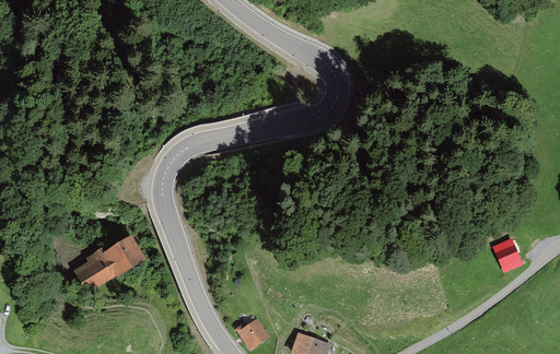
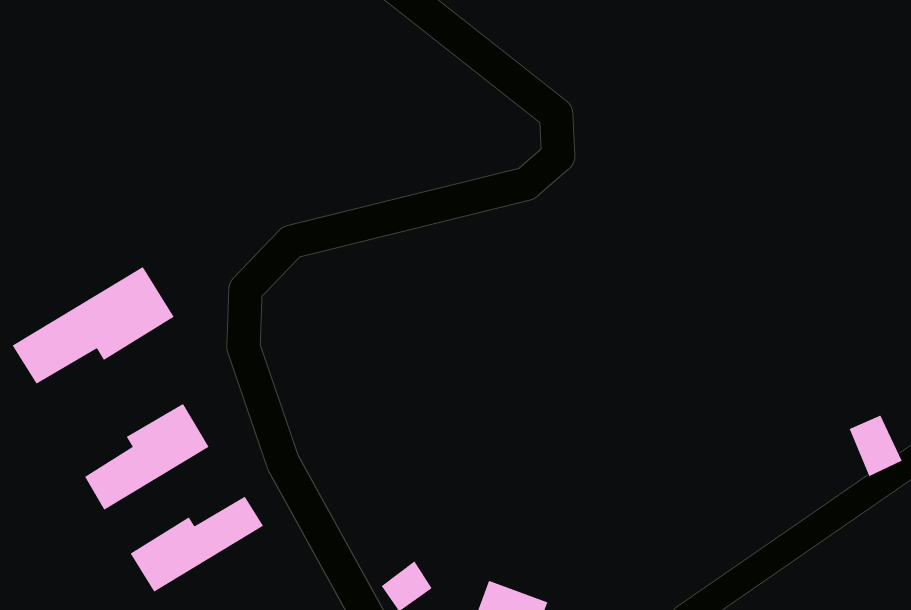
building: none -> [12,266,174,385]
building: none -> [130,496,264,592]

